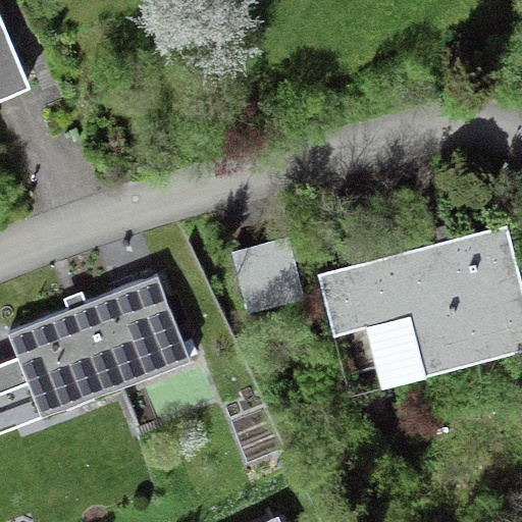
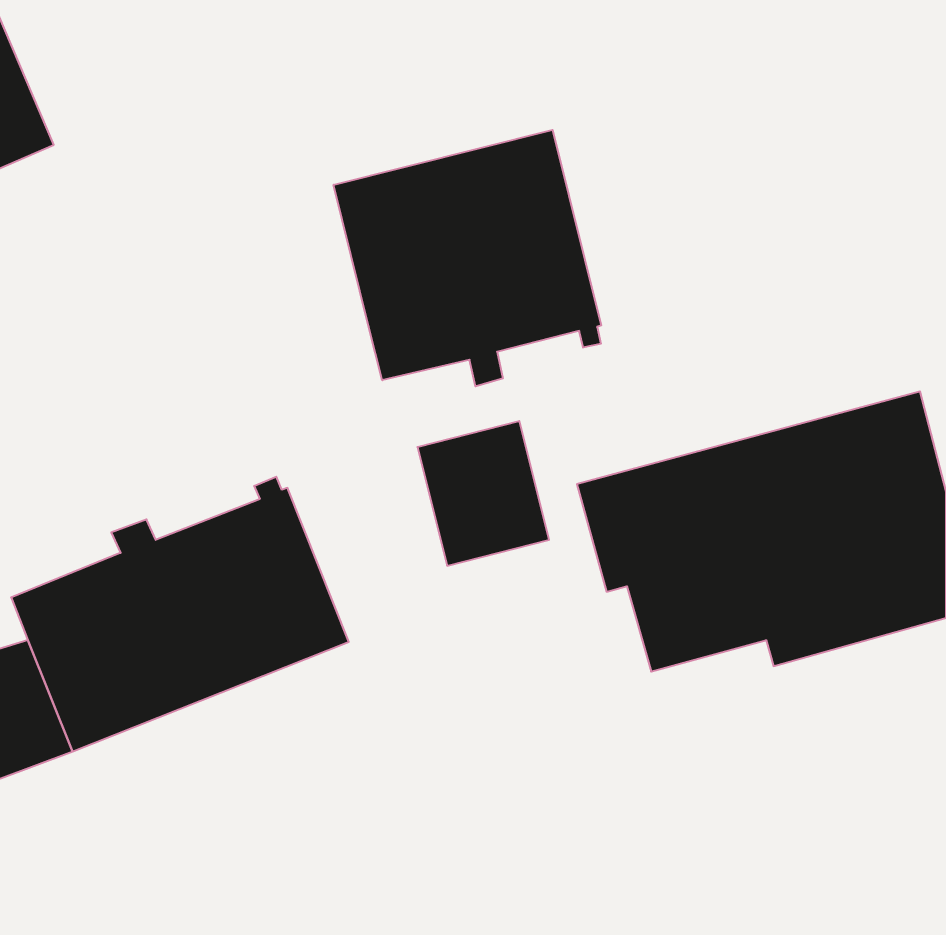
building: none -> [334,130,601,386]

